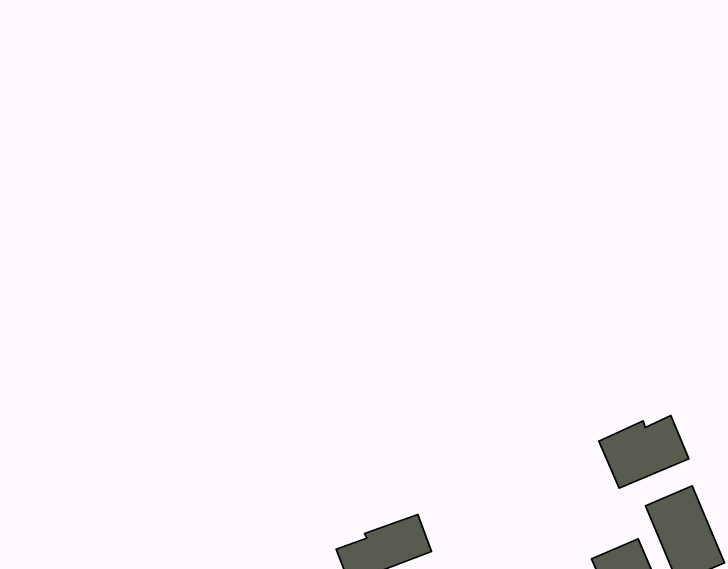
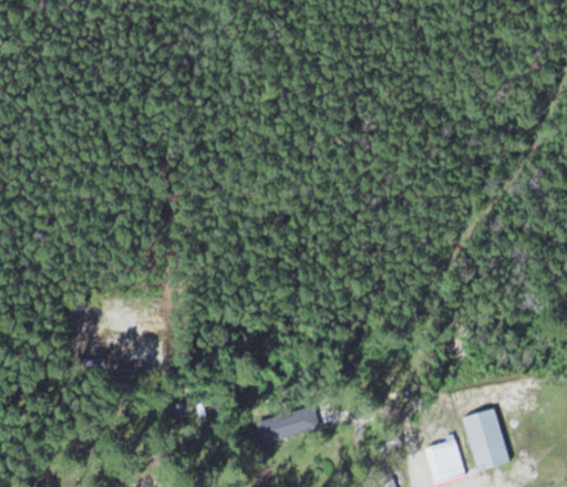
building: [599,416,689,488] -> none

